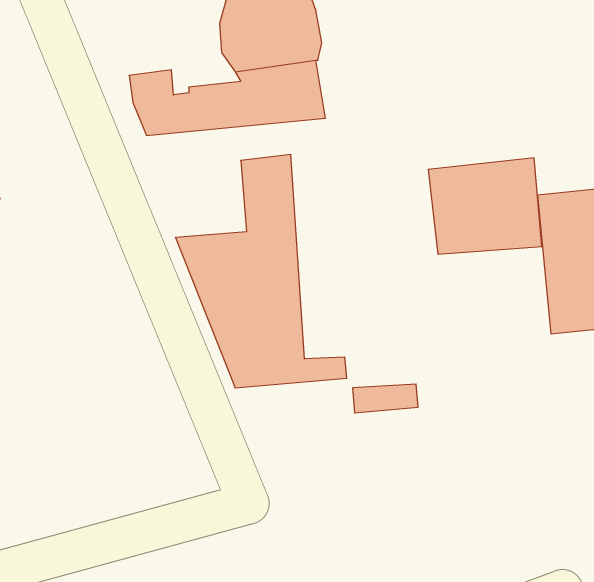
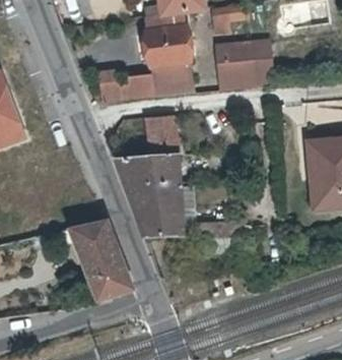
building: [428,158,542,254] -> [213,40,273,91]
building: none -> [67,218,130,296]

